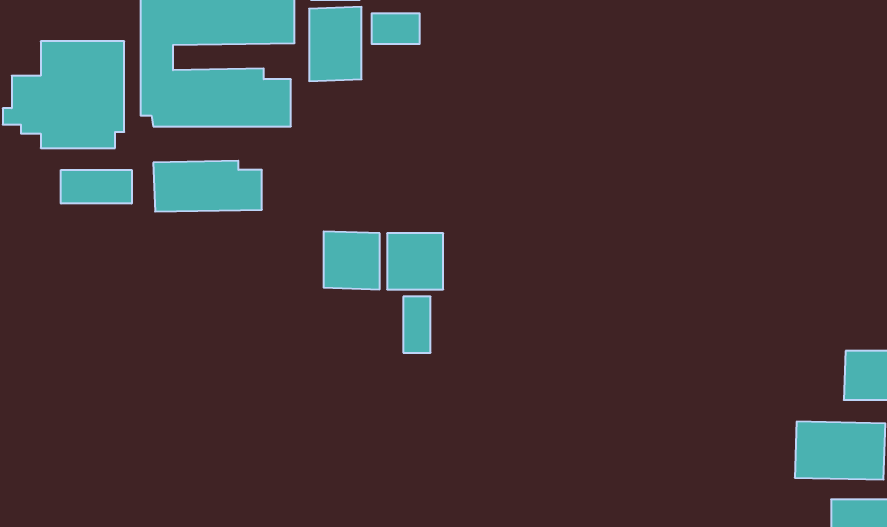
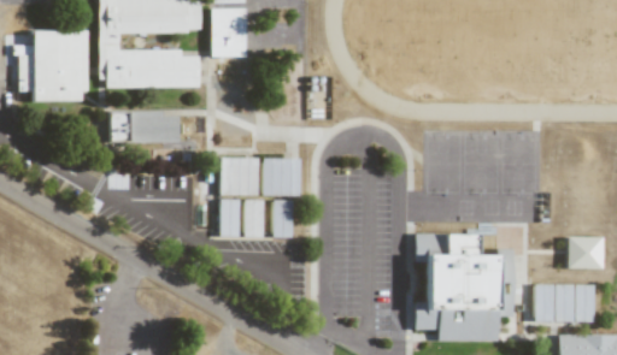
building: [372,13,420,44] -> none
building: [61,170,132,204] -> none
building: none -> [221,199,240,236]
building: none -> [245,200,264,236]
building: none -> [415,233,513,341]

